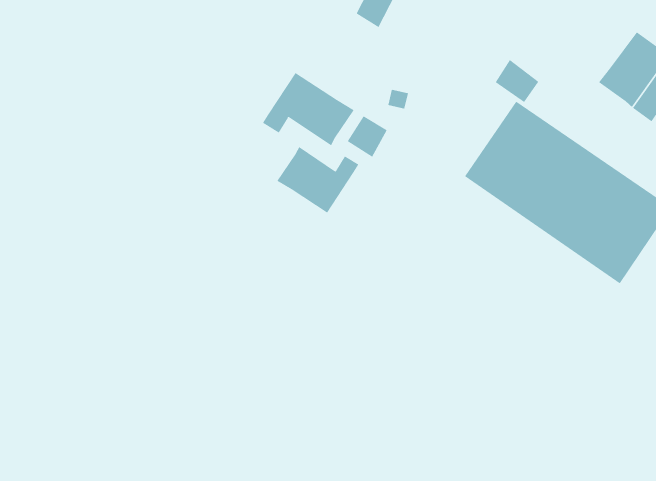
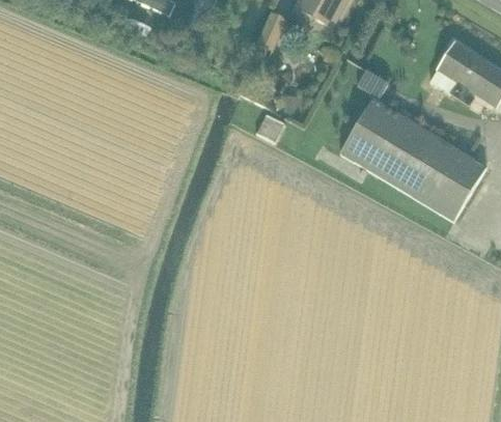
building: [262,72,354,146] -> none
building: [277,146,359,213] -> none

